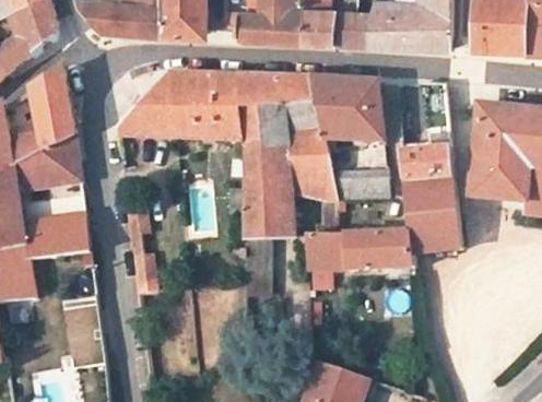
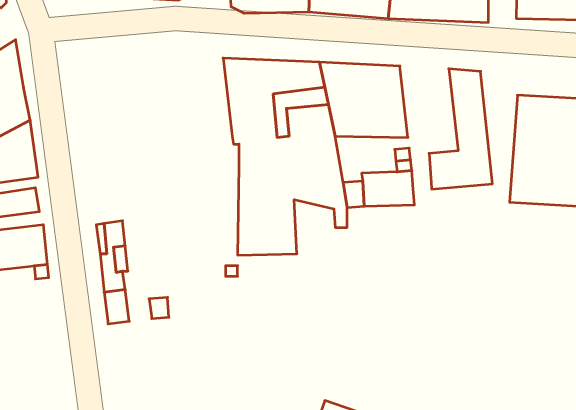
building: [118,76,240,143] -> none
building: [306,182,462,271] -> none
building: [60,298,103,364] -> none

